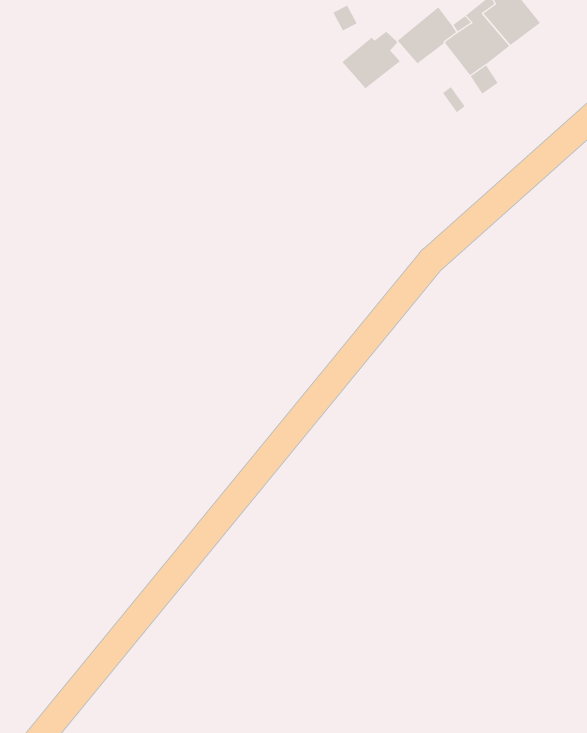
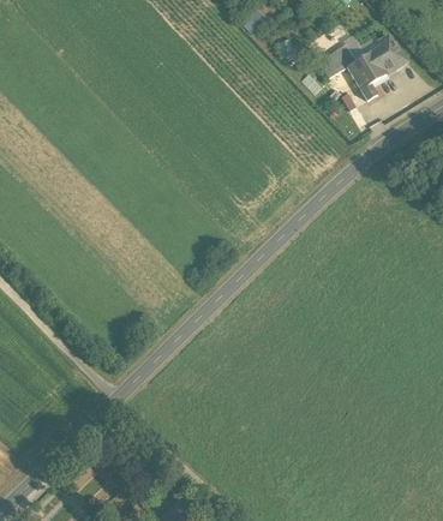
building: [341,31,401,89] -> none

